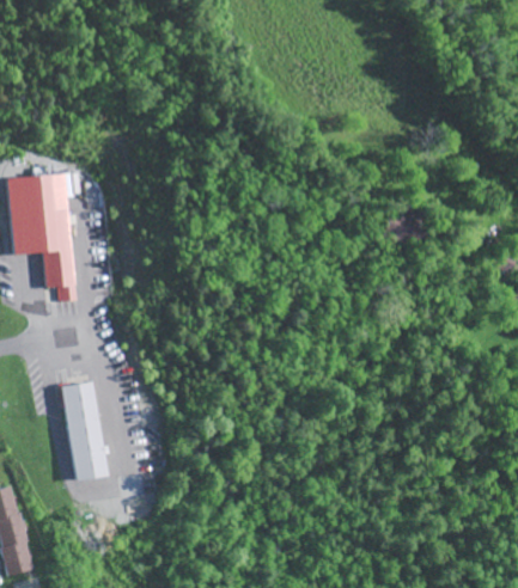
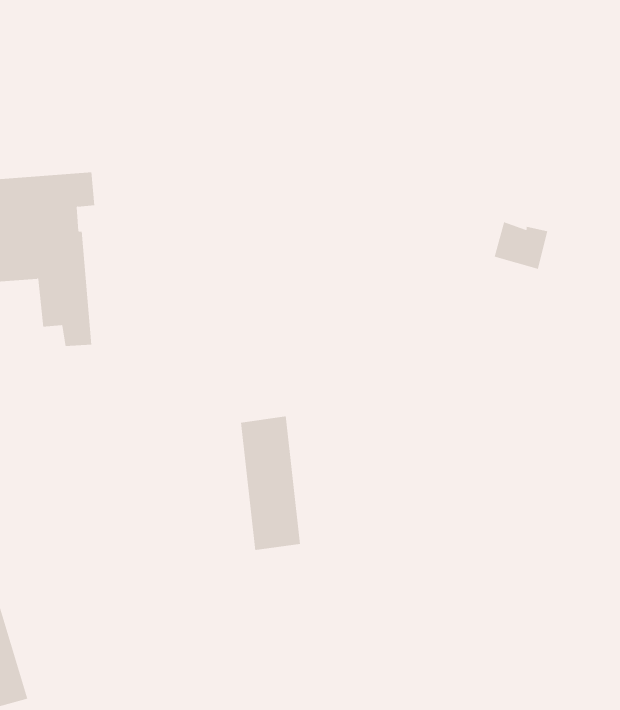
building: [60,381,105,482] -> [240,416,301,550]

